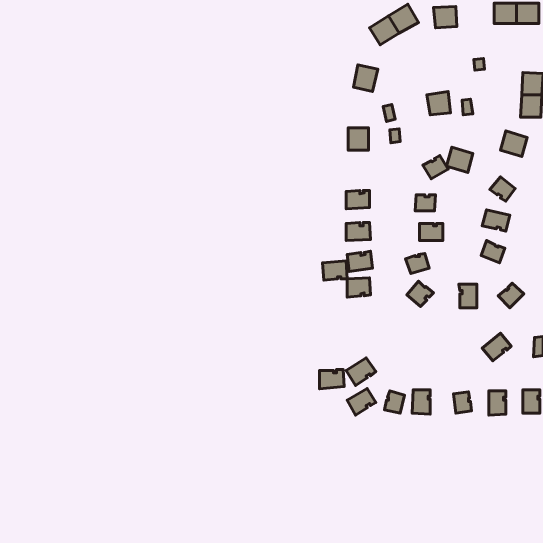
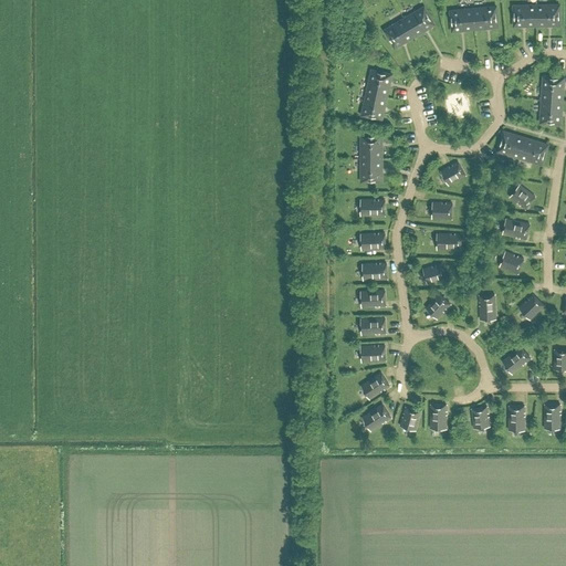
building: none -> [473,4,497,28]
building: none -> [361,91,387,117]
building: [446,147,473,173] -> [497,129,525,156]
building: none -> [361,156,382,179]
building: [323,261,347,280] -> [359,315,385,335]
building: [320,370,344,389] -> [359,343,385,363]

